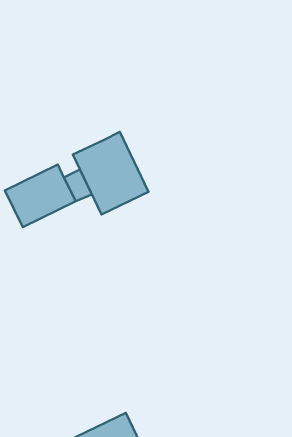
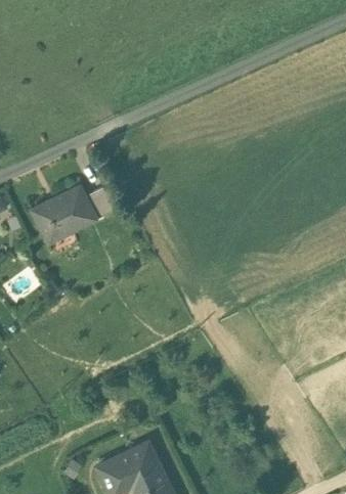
building: [73,132,149,214] -> none

